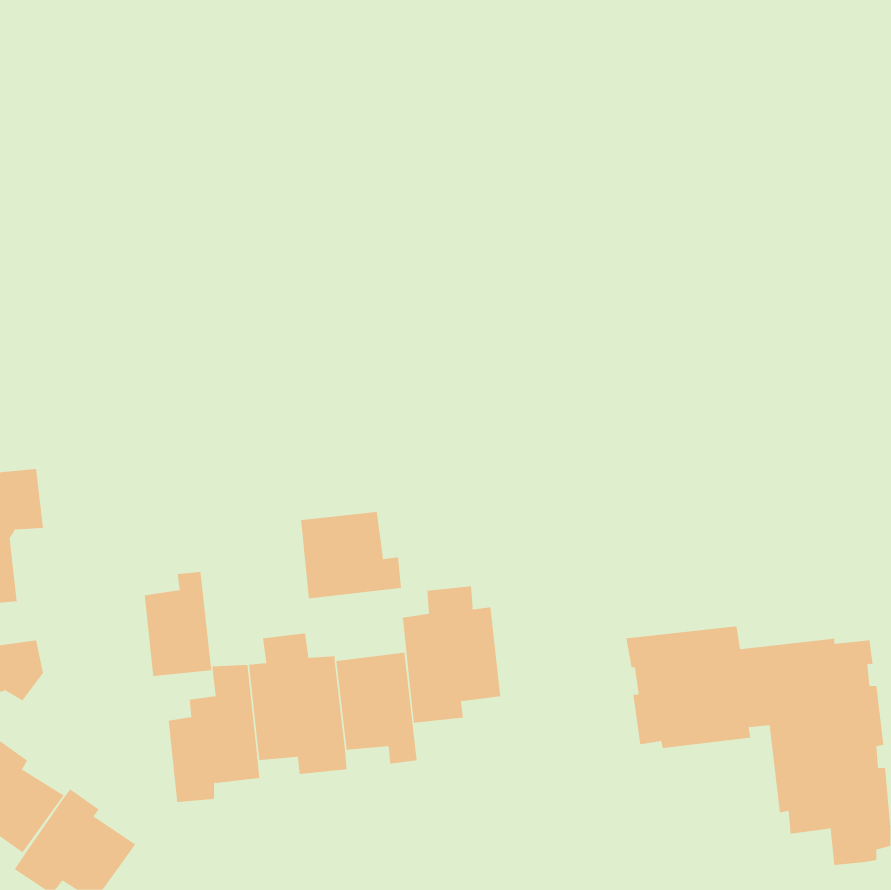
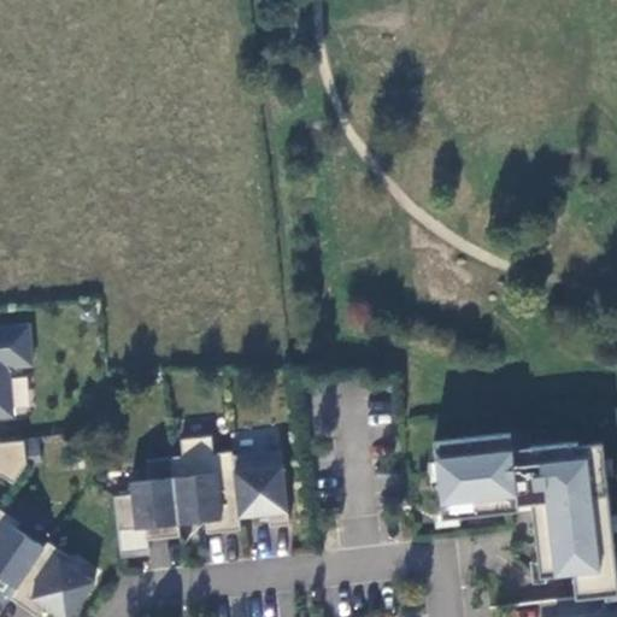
building: [300,511,402,599] -> none
building: [144,571,212,677] -> none
building: [402,586,501,724] -> none

